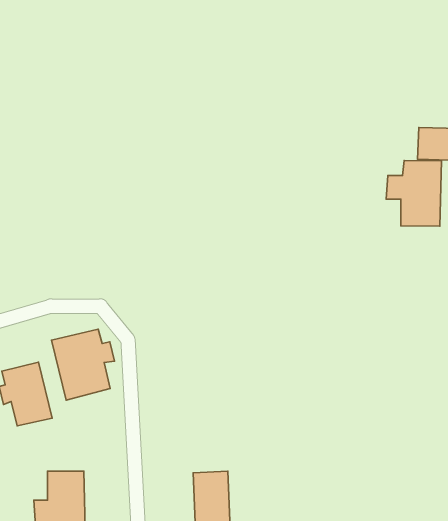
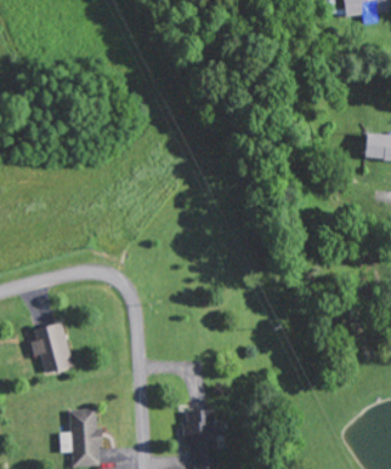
building: [386,160,442,226] -> none
building: [51,329,114,400] -> none

